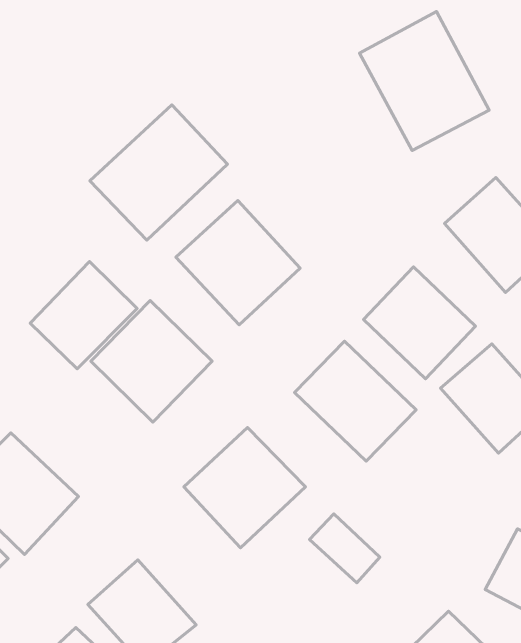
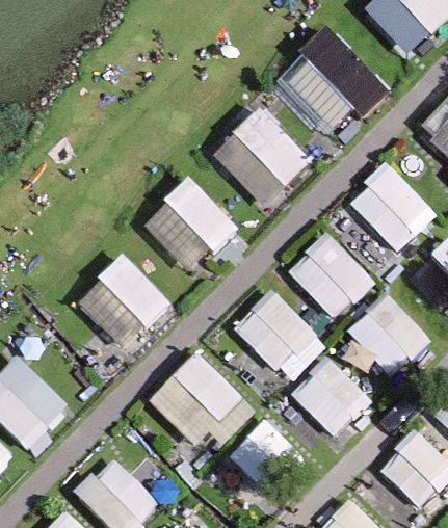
building: [90,105,227,240] -> none
building: none -> [212,111,311,210]
building: [30,262,137,369] -> none
building: none -> [290,351,371,433]

